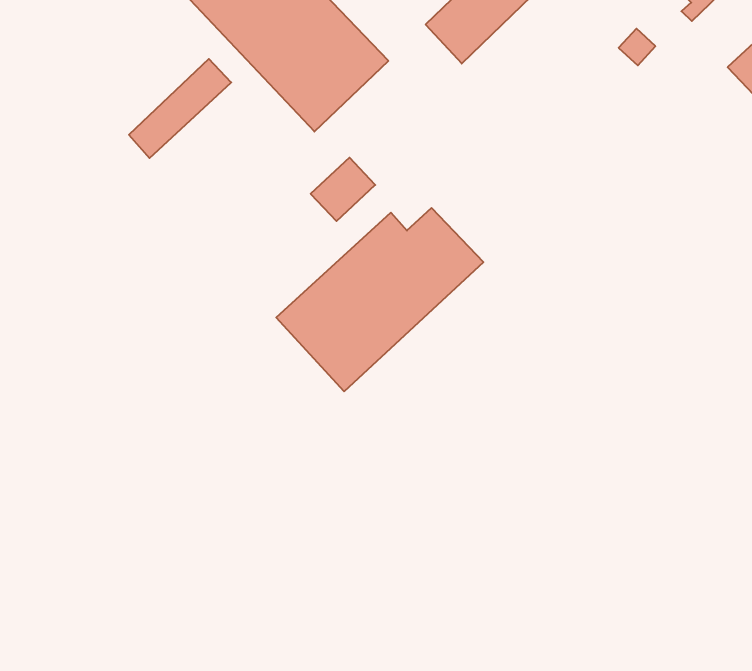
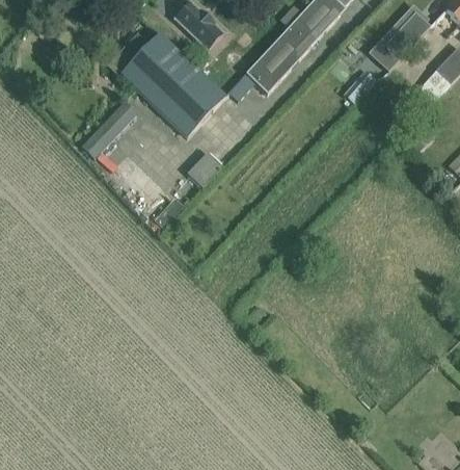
building: [276,208,483,391] -> none

